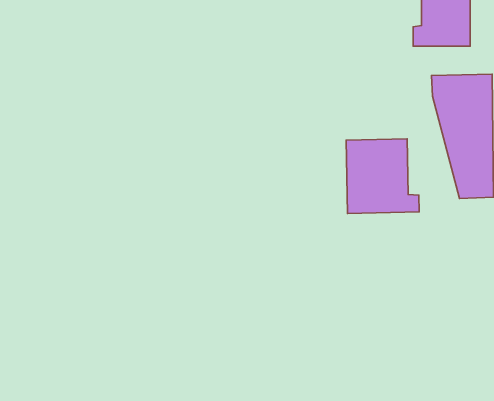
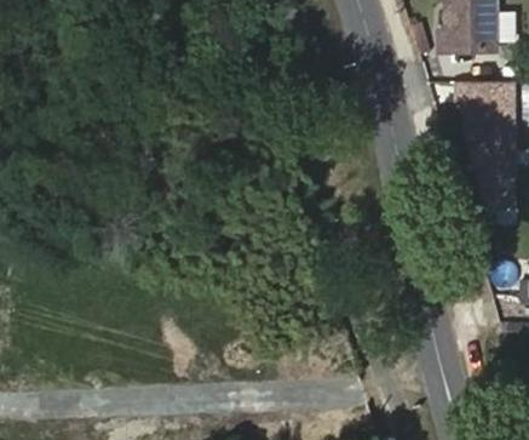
building: [346,139,419,213] -> none

